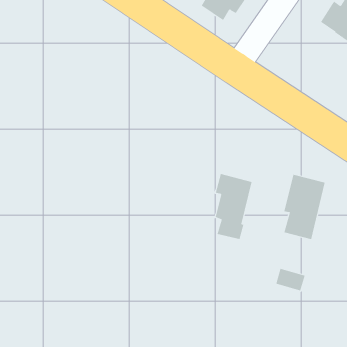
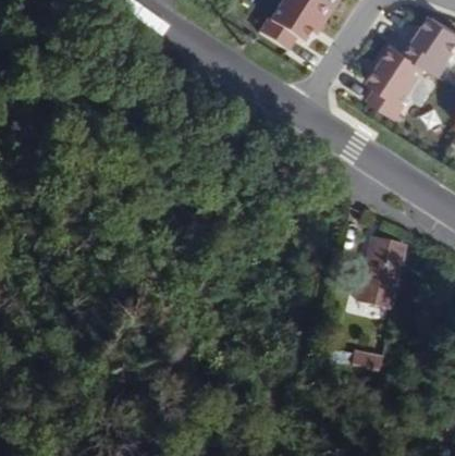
building: none -> [369,45,427,122]
building: [215,173,252,240] -> none

